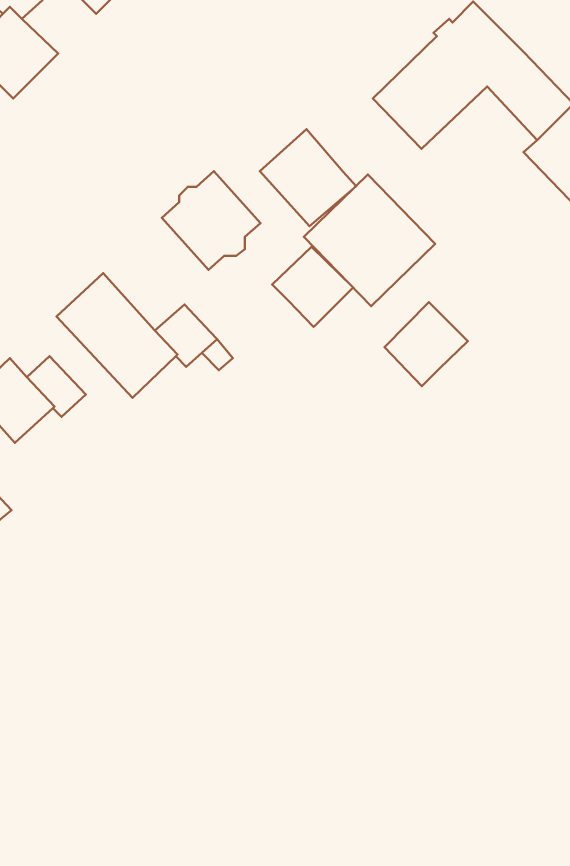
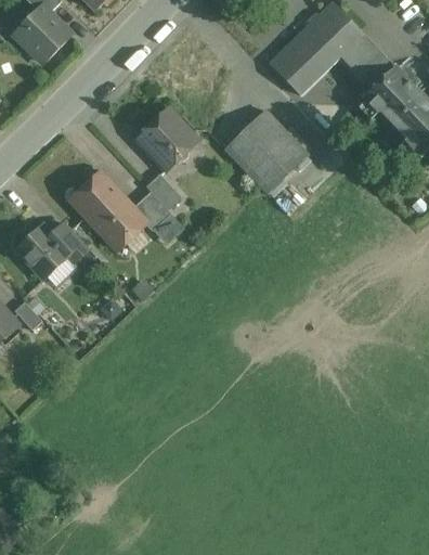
building: [260,129,356,226] -> none
building: [272,247,353,327] -> none
building: none -> [145,172,181,208]
building: [385,302,468,386] -> none

